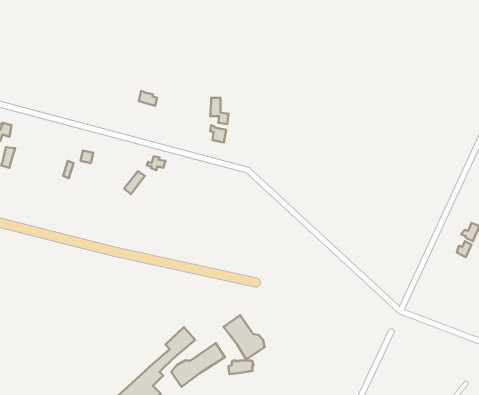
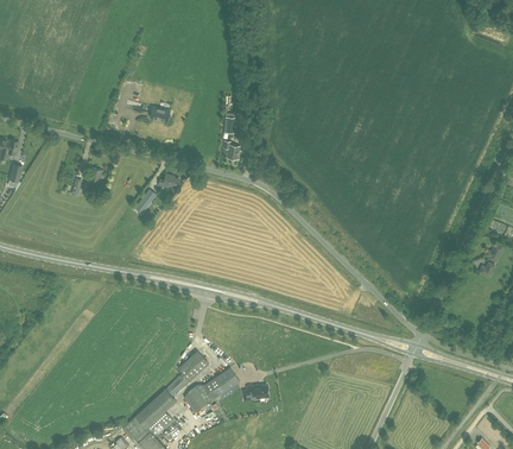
building: [224,315,264,360] -> none

